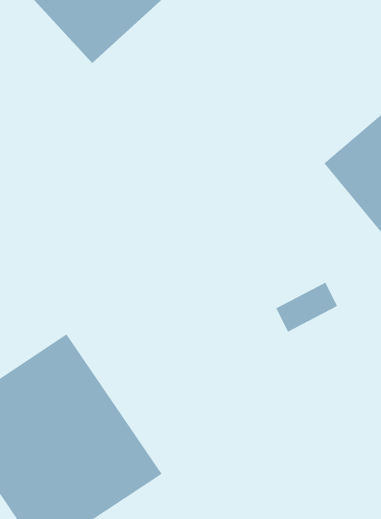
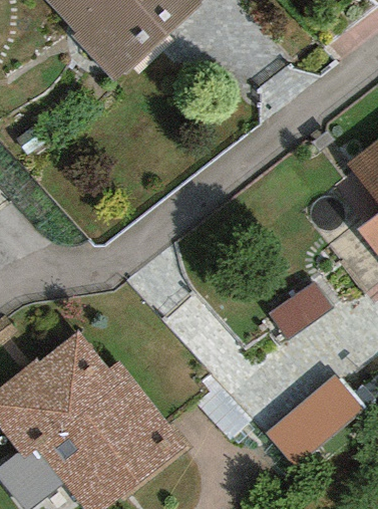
building: none -> [270,368,371,465]

